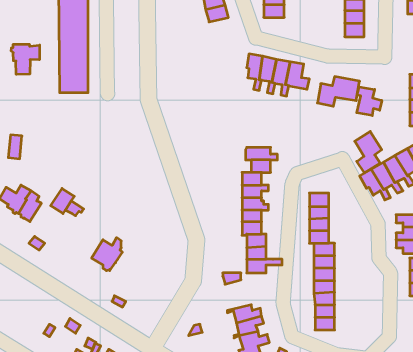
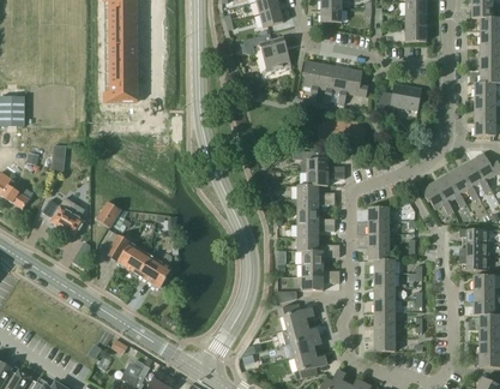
building: none -> [242,31,290,70]
building: [11,44,40,74] -> none
building: [357,87,382,116] -> none
building: [355,131,382,173] -> none
building: none -> [103,229,151,274]
building: none -> [277,303,313,328]

